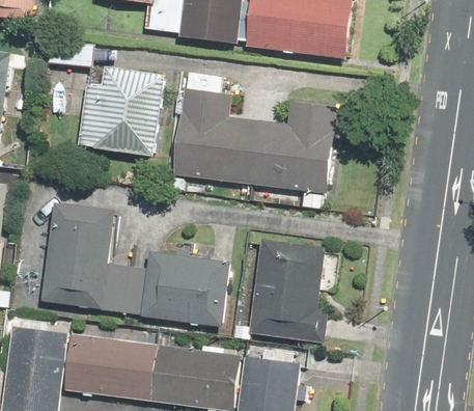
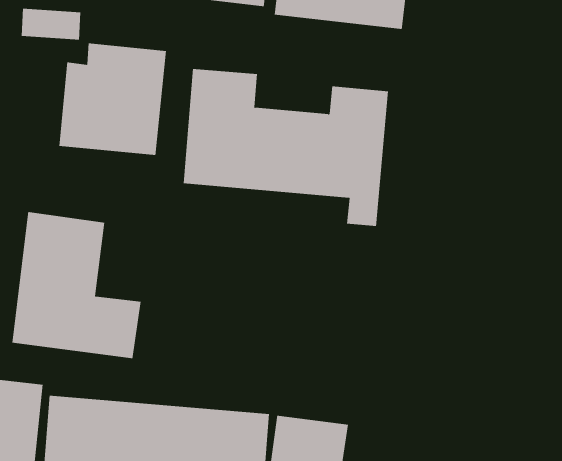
building: [247,238,332,345] -> none
building: [139,251,228,326] -> none

